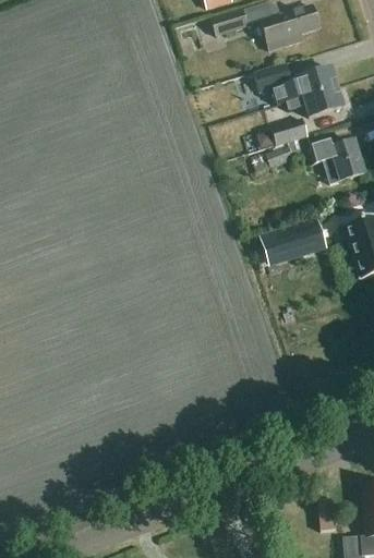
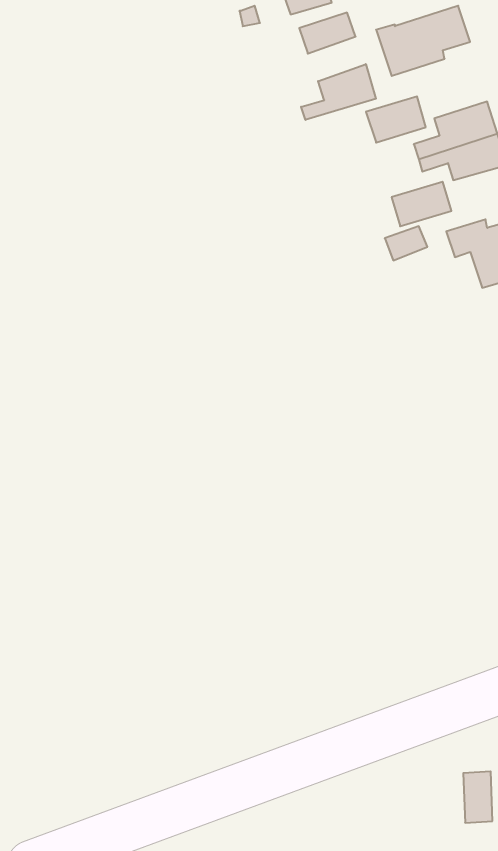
building: none -> [301,64,376,120]
building: [260,215,326,266] -> none

